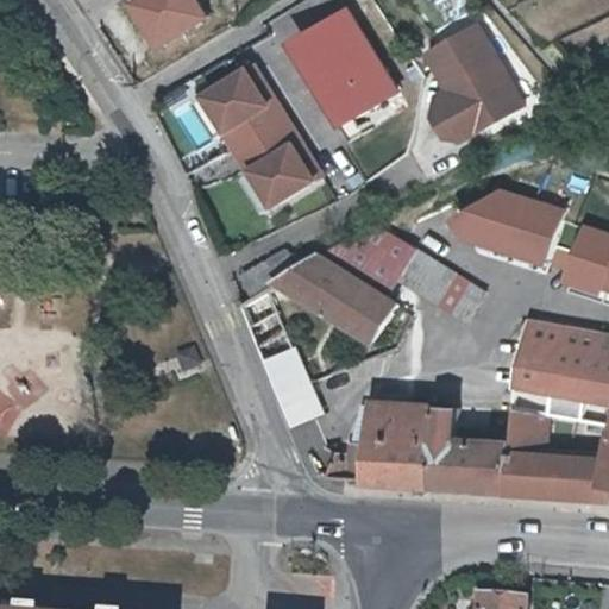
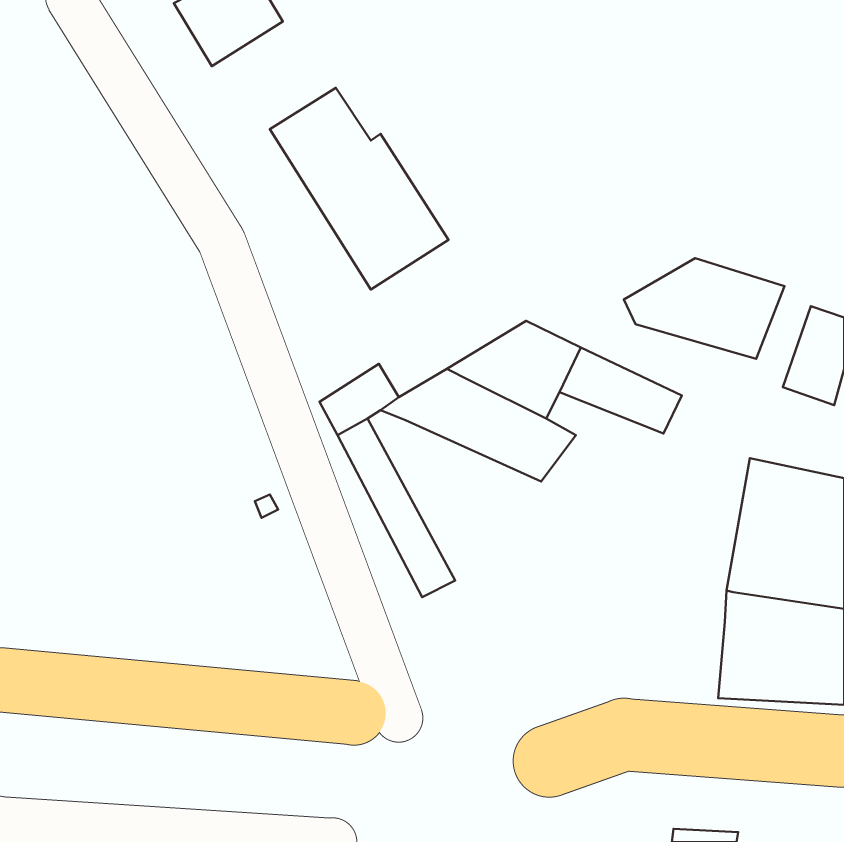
building: [270,5,396,126] -> none
building: [420,19,526,140] -> none
building: [343,409,521,502] -> none

